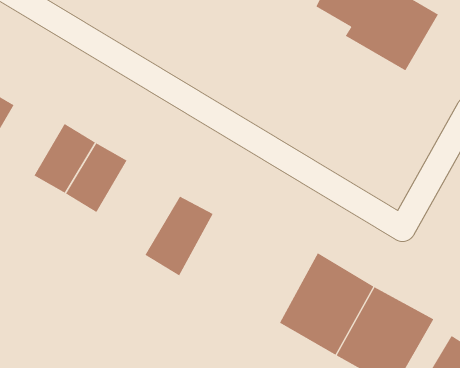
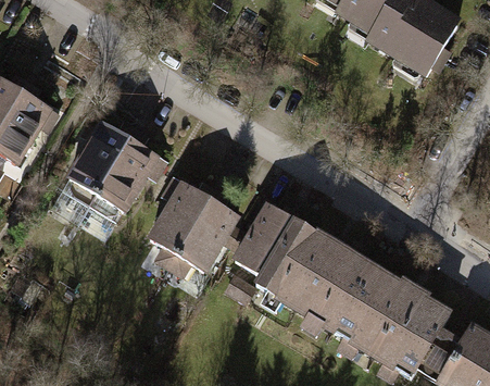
building: none -> [149,177,210,249]
building: none -> [239,210,342,314]

